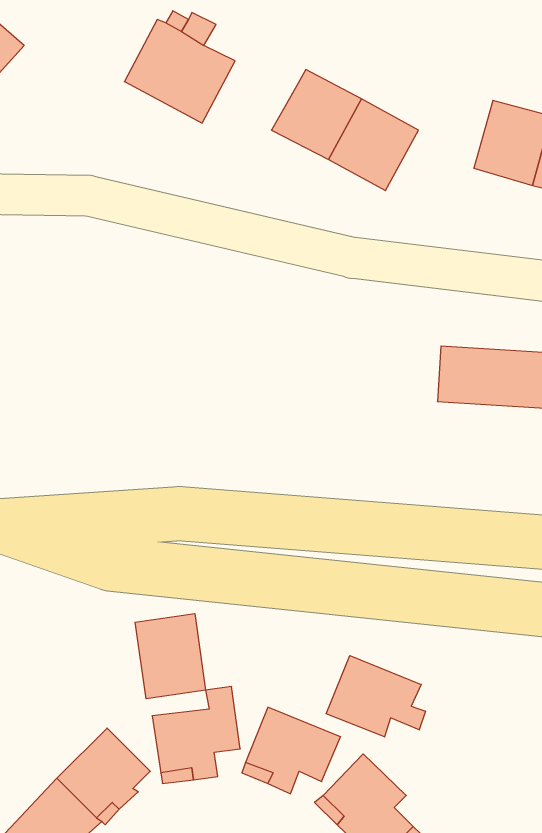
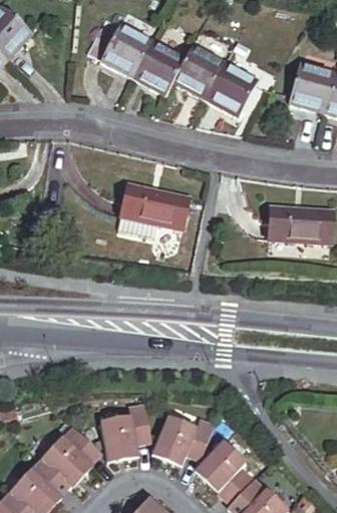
building: none -> [131,40,184,94]
building: none -> [116,182,188,235]
building: [135,614,206,699] -> none
building: [326,656,425,737] -> none

